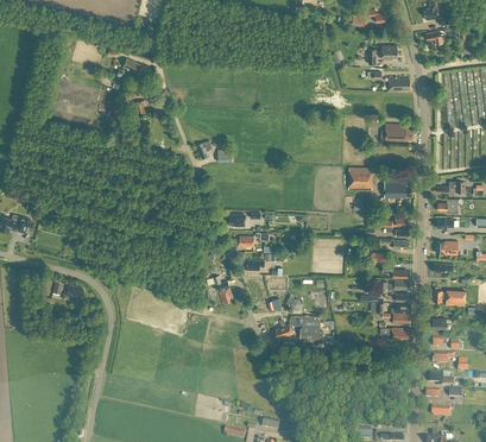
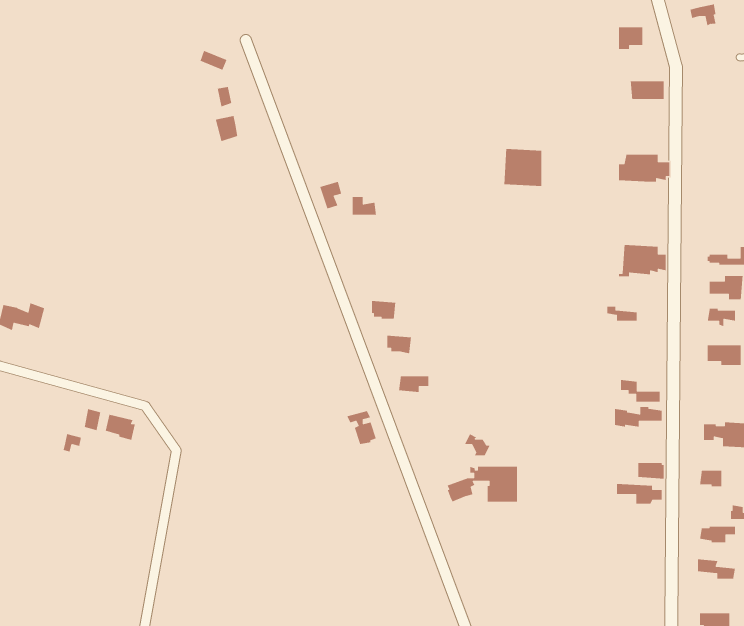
building: [348,166,372,190] -> [504,148,542,187]

